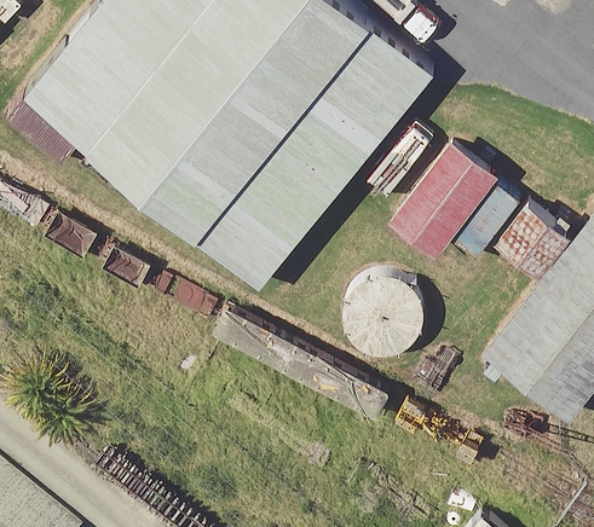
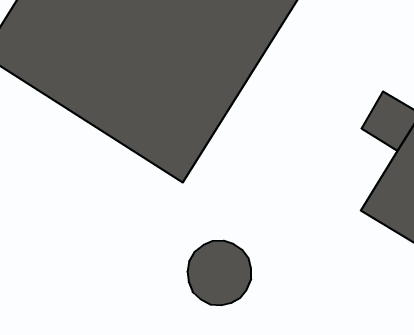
building: [388,139,501,260] -> none
building: [344,279,425,361] -> [187,241,251,305]

